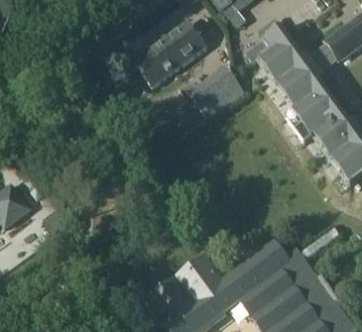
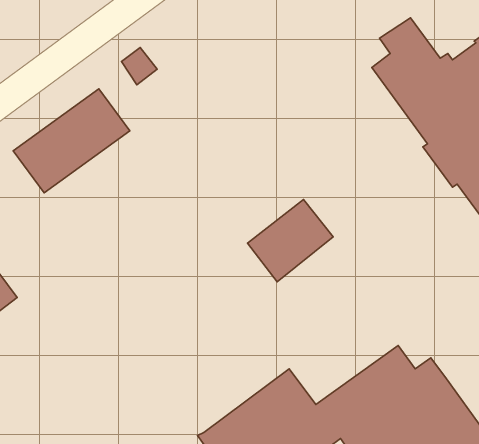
building: [132,19,208,87] -> [13,89,130,193]
building: [189,65,244,118] -> [248,200,333,282]

